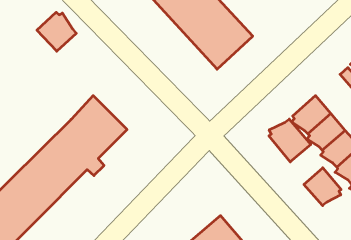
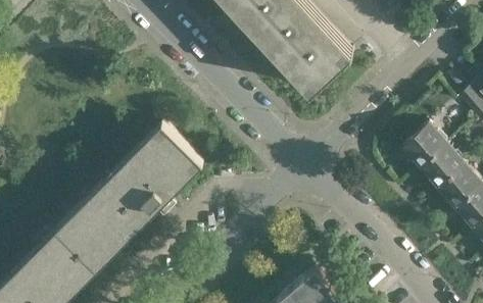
building: [37,12,76,51] -> none
building: [269,119,311,162] -> none
building: [304,168,341,206] -> none

